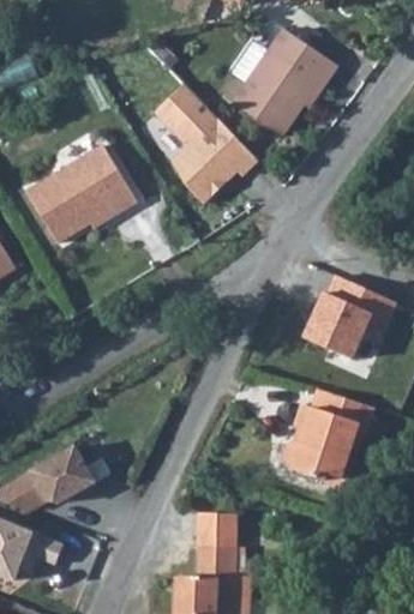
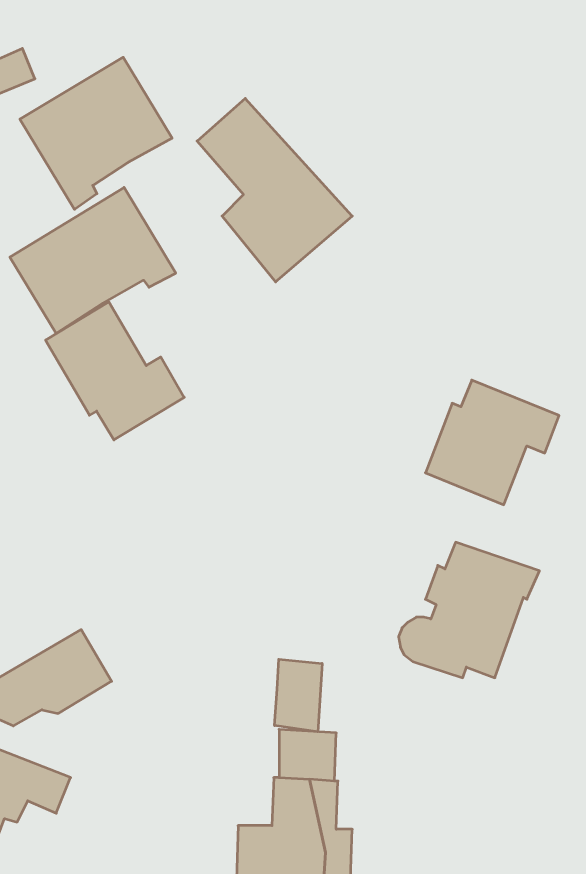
building: [229,29,336,137] -> none
building: none -> [20,57,172,209]
building: none -> [46,302,184,440]
building: none -> [275,659,322,732]

